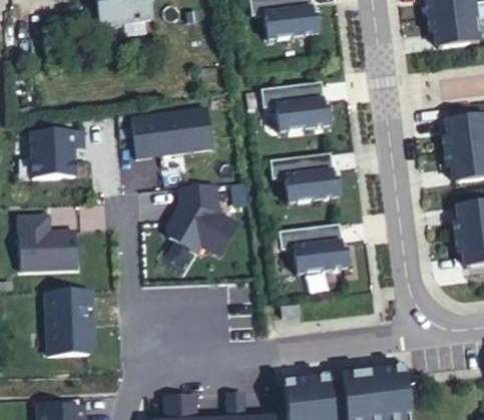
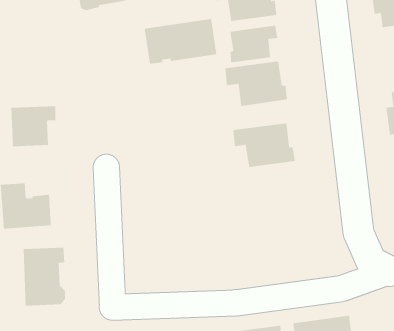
building: none -> [230,25,278,63]
building: [122,106,204,157] -> [144,19,217,64]
building: [158,183,229,255] -> none
building: [282,222,353,273] -> none

